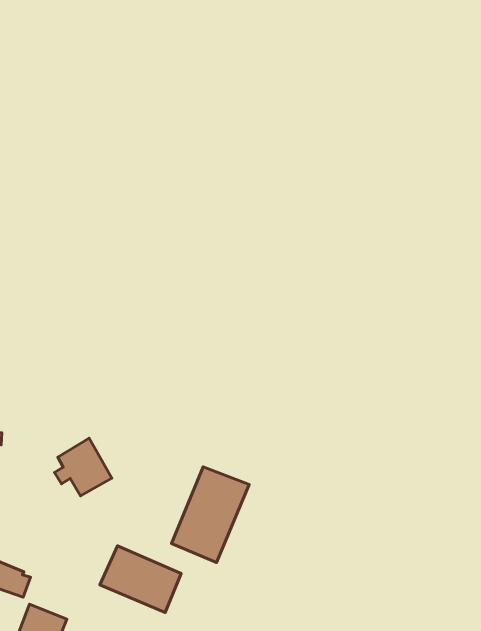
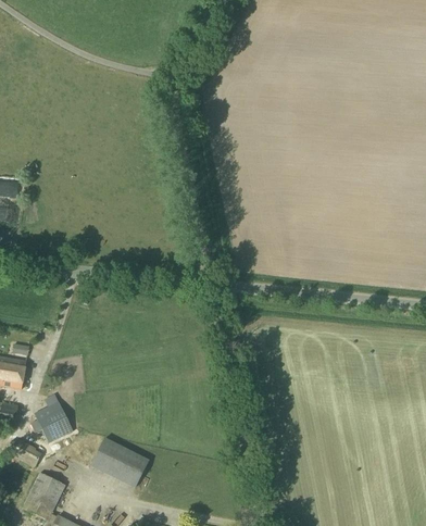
building: [55,438,112,496] -> [30,401,72,442]
building: [172,467,249,562] -> none

